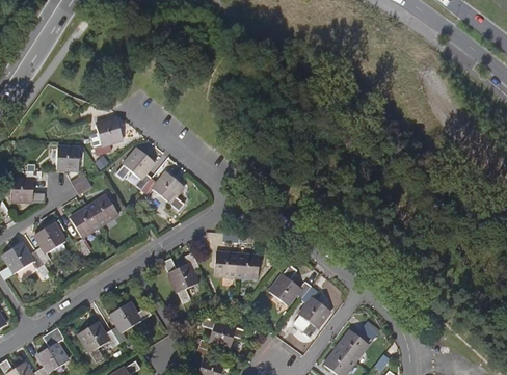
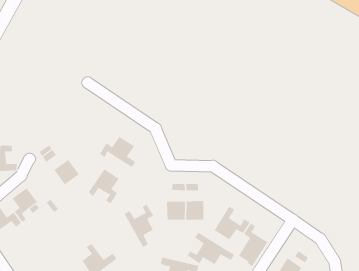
building: [96,116,124,154] -> none
building: [56,148,79,169] -> none
building: [116,148,155,190] -> [88,168,119,204]
building: [69,205,99,235] -> none
building: none -> [187,232,235,265]

